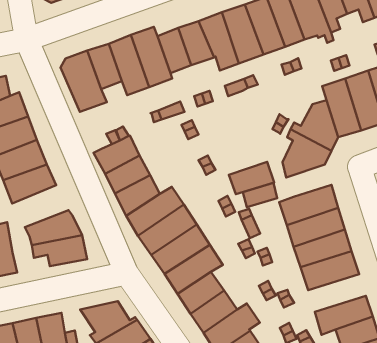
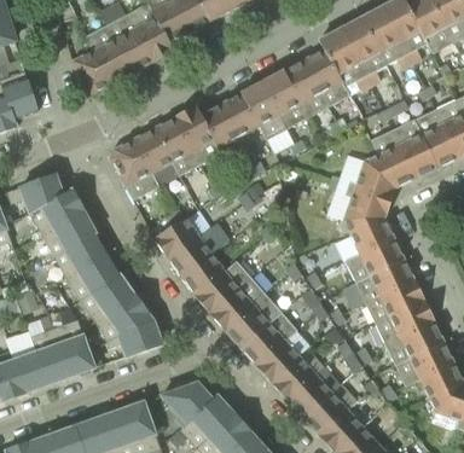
building: [229,162,274,194] -> [348,216,394,252]
building: none -> [80,274,137,320]
building: none -> [385,320,443,364]

